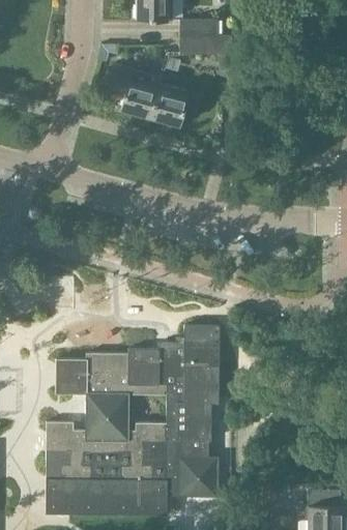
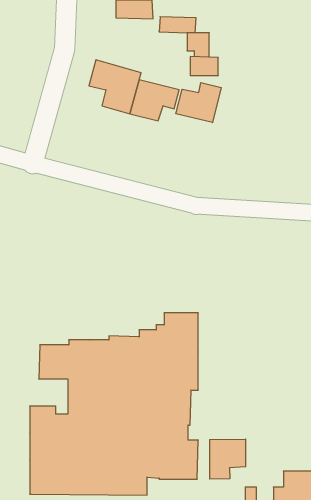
building: [179,35,208,55] -> [190,57,218,76]
building: none -> [176,83,221,123]
building: none -> [210,439,246,479]

